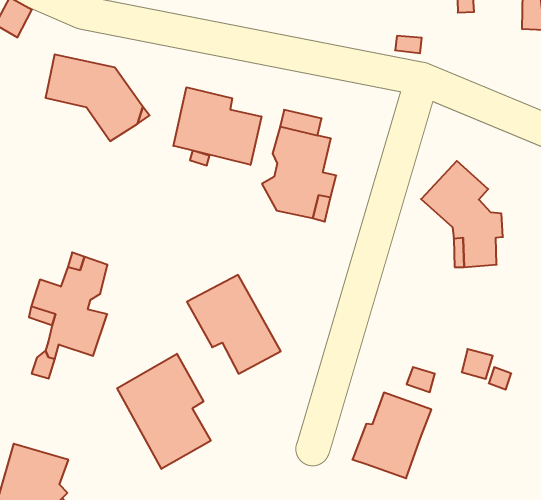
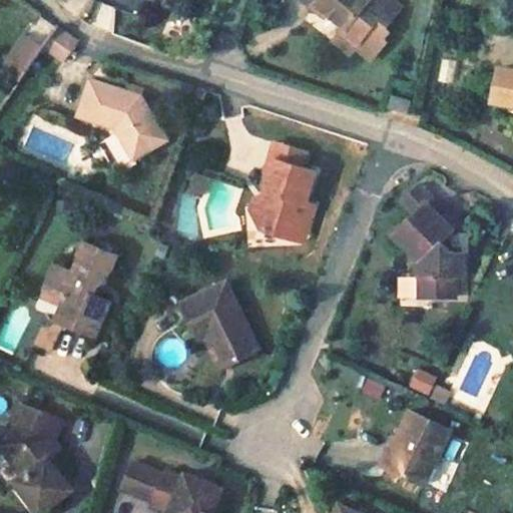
building: [173,87,261,165] -> none
building: [117,354,211,469] -> none
building: [352,393,431,478] -> [372,411,444,486]

